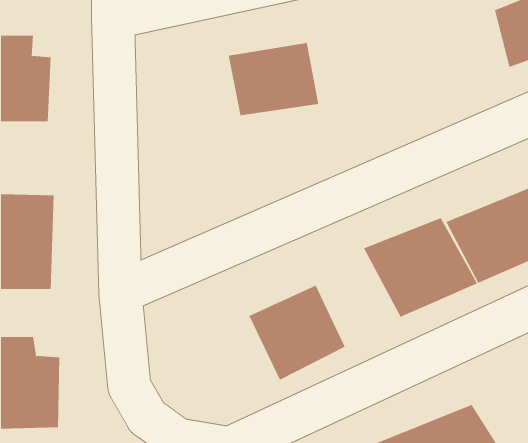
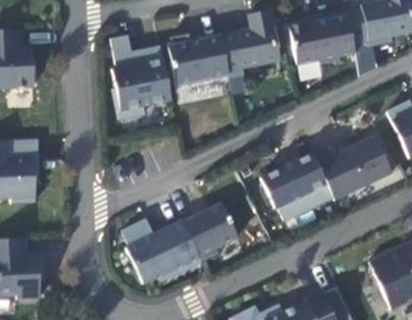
building: none -> [214,9,281,76]
building: none -> [284,11,354,64]
building: none -> [105,34,169,116]
building: none -> [121,223,195,295]

